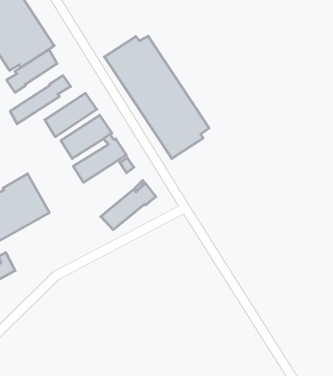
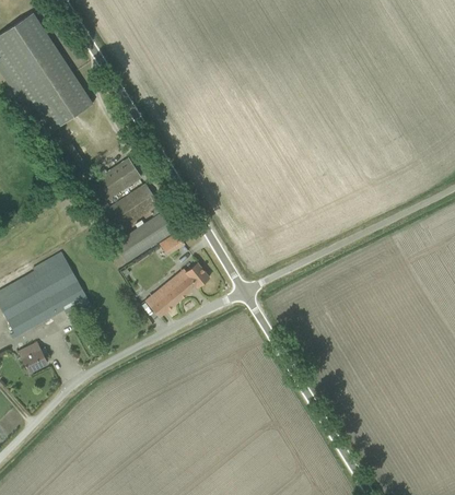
building: [104,36,209,159] -> none
building: [7,49,57,92] -> none
building: [10,76,71,124] -> none

